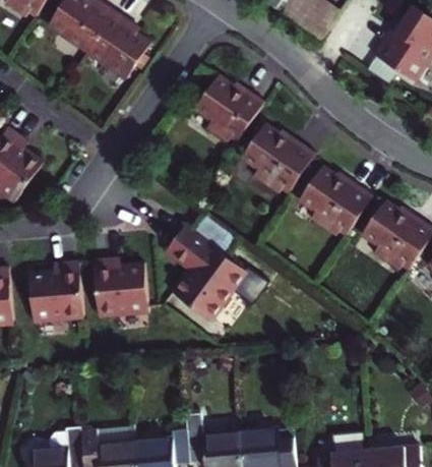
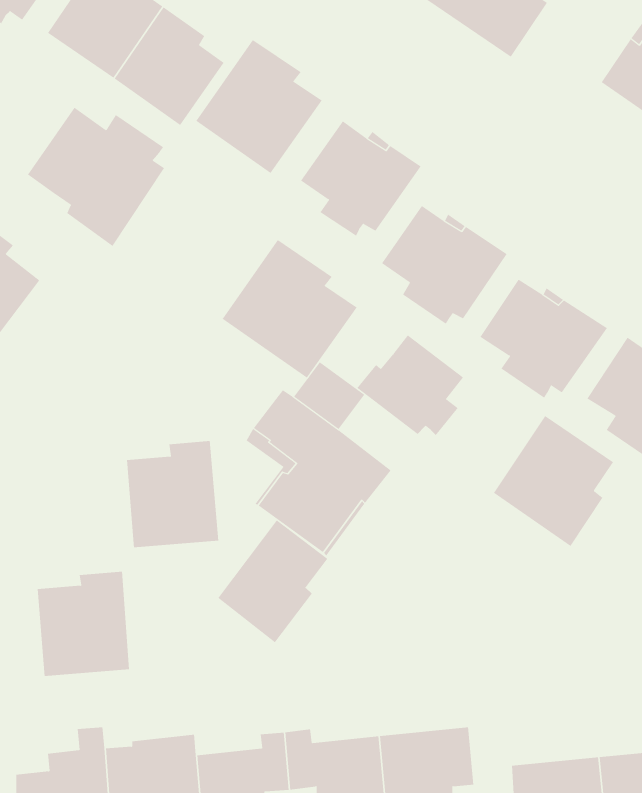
building: none -> [195,39,323,174]
building: none -> [27,107,165,247]
building: none -> [222,239,358,378]
building: none -> [357,334,464,436]
building: none -> [493,415,614,547]
building: [28,267,82,328] -> [37,571,130,677]
building: none -> [217,519,328,643]

